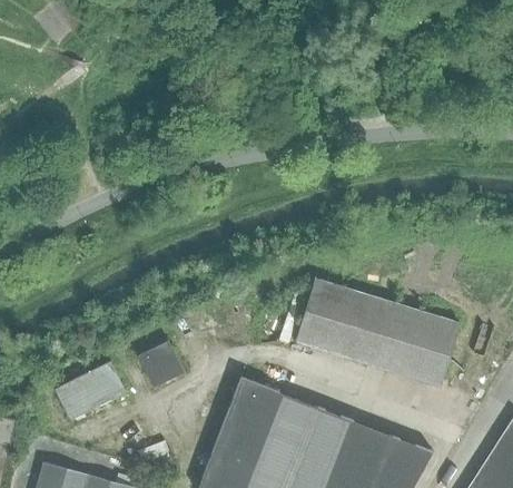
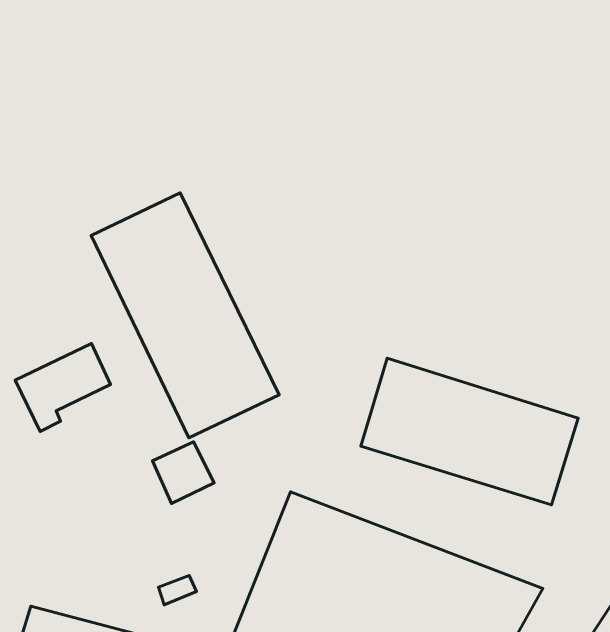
building: none -> [91,193,279,438]
building: [55,361,127,428] -> [15,343,110,432]

